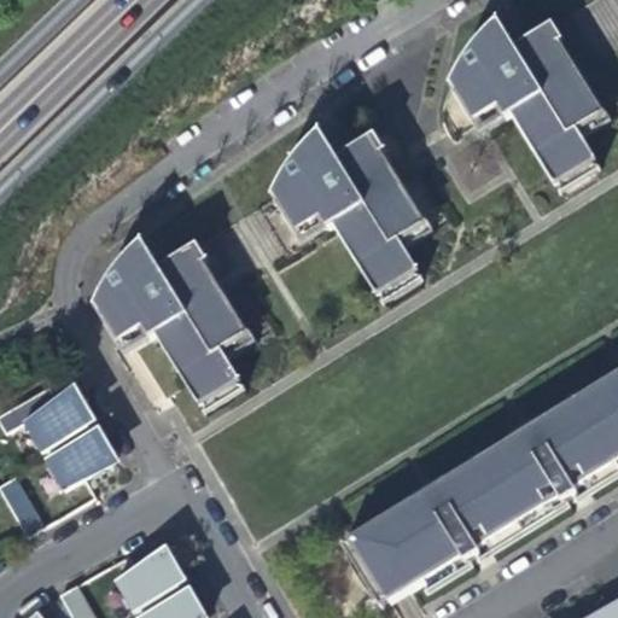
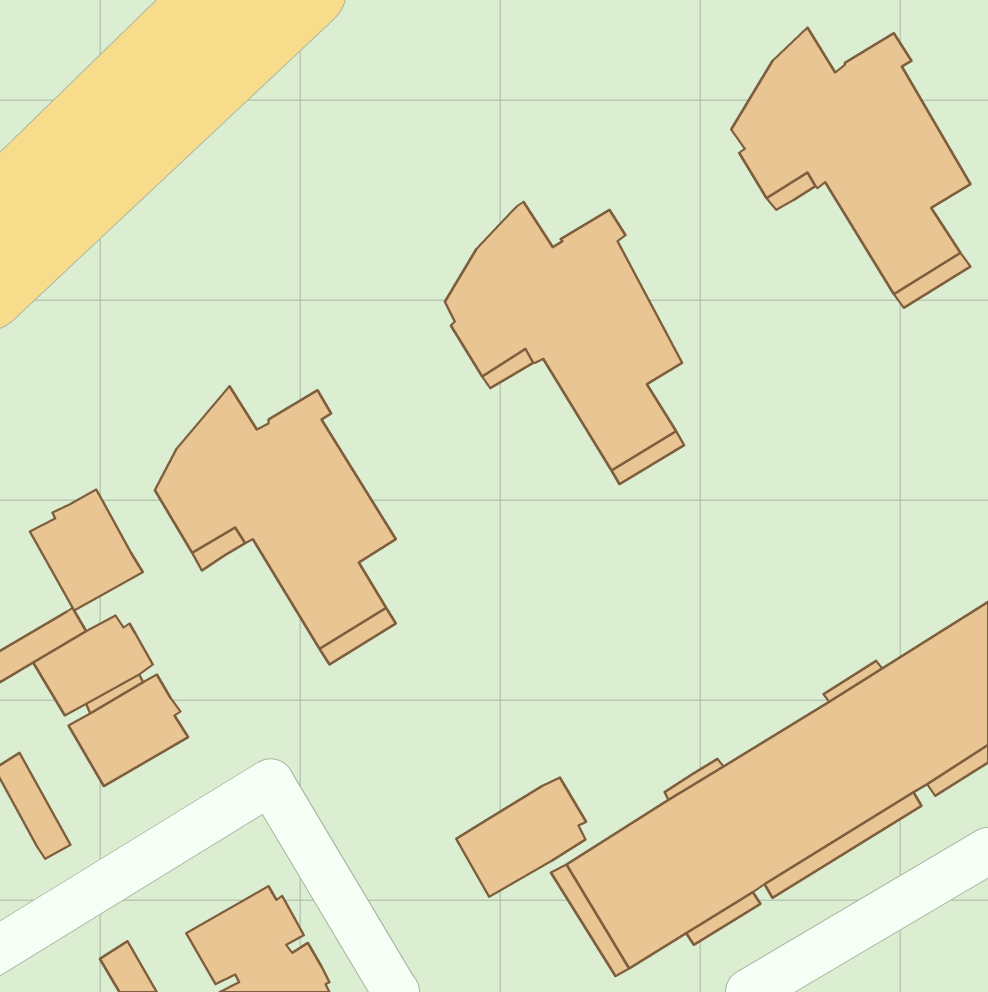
building: none -> [30,490,143,611]
building: none -> [456,778,586,897]

